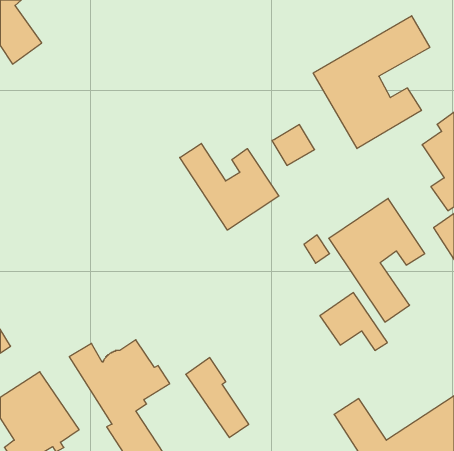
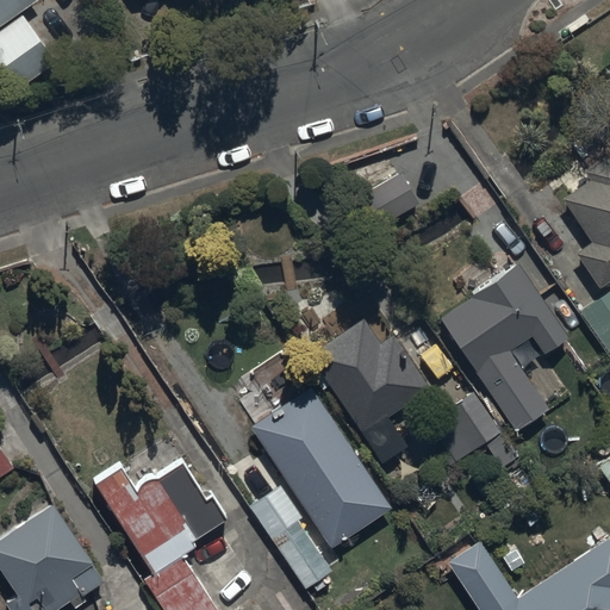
building: [313,16,430,149] -> none
building: [180,143,279,230] -> none
building: none -> [312,317,431,463]
building: none -> [251,388,392,548]

